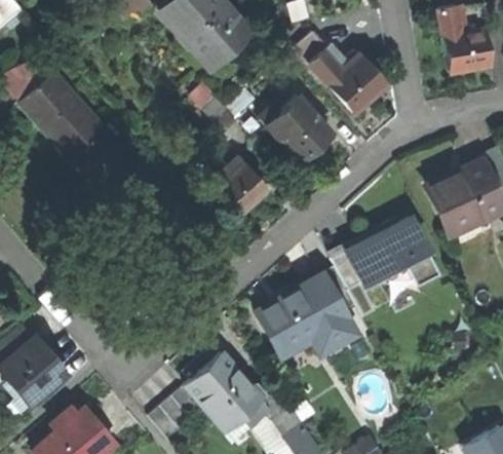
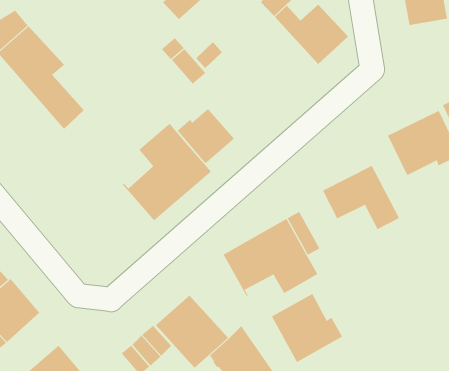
building: [260,94,333,162] -> none
building: none -> [122,123,212,221]
building: [333,244,376,289] -> none
building: none -> [271,293,343,363]

